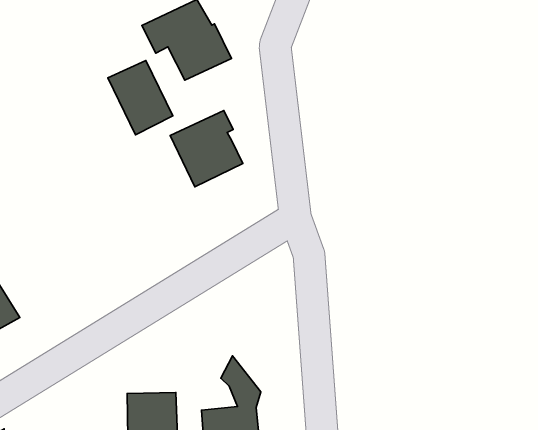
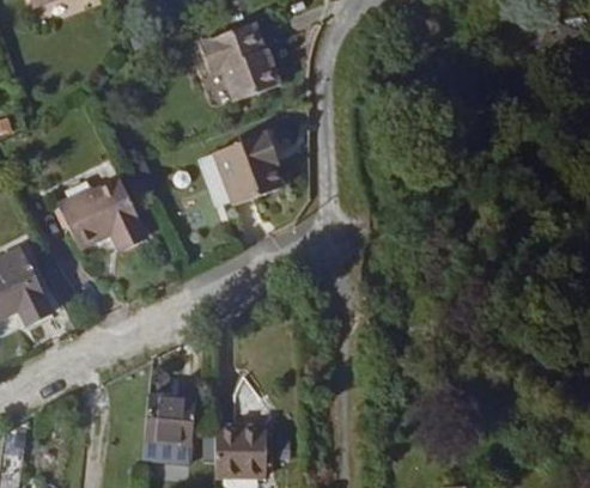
building: [108,60,173,135] -> none
building: none -> [62,181,147,249]

